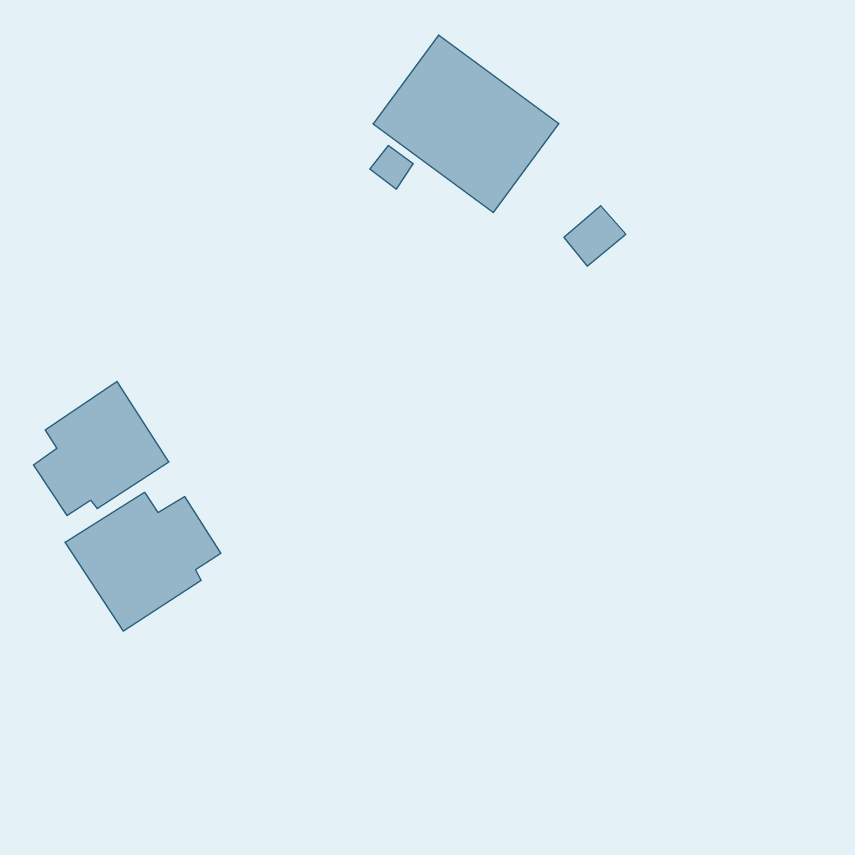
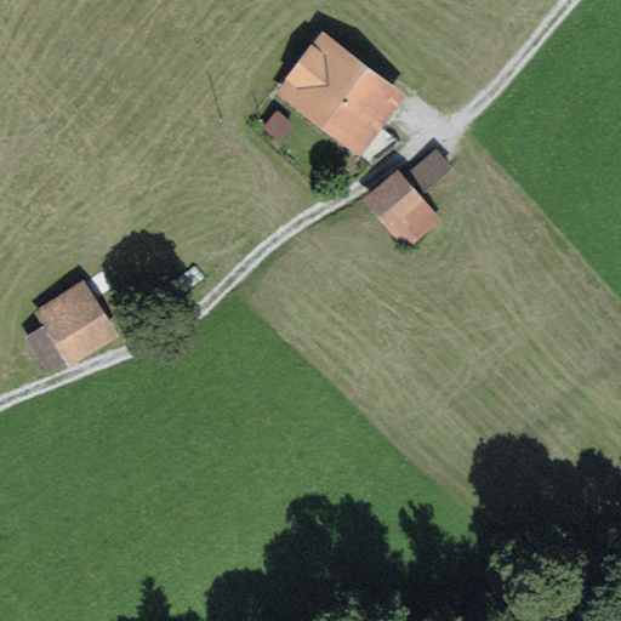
building: none -> [360,171,443,256]
building: [65,492,221,631] -> none

